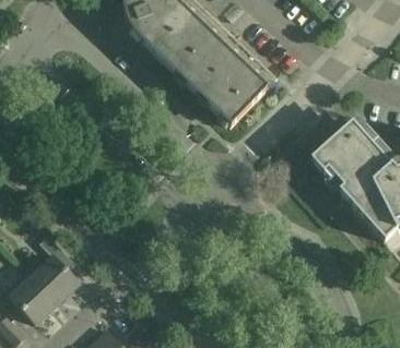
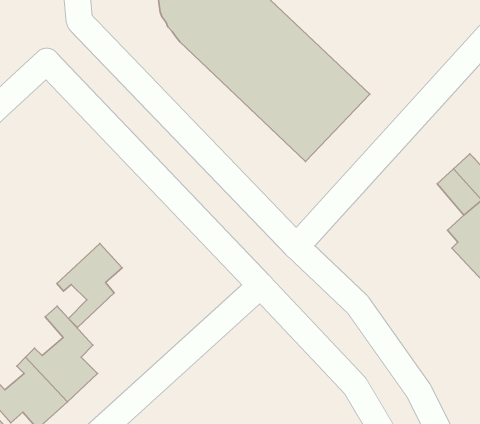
building: [310,144,346,178] -> none
building: none -> [57,243,122,327]

